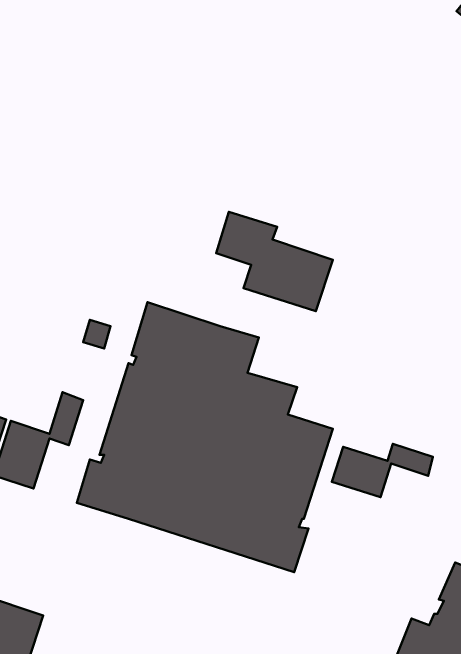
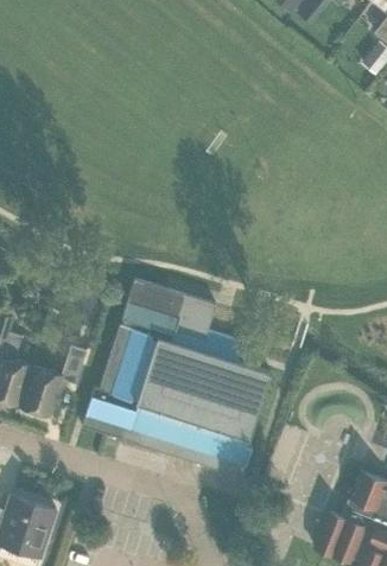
building: [216,212,333,311] -> none
building: [332,444,433,497] -> none

